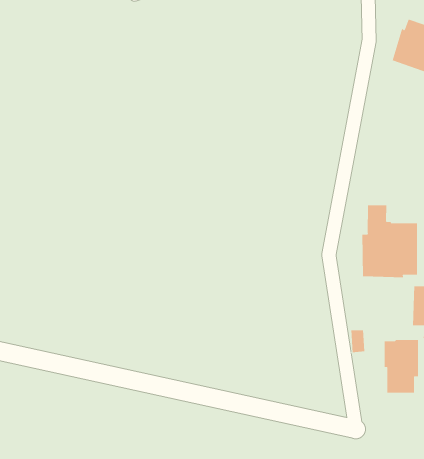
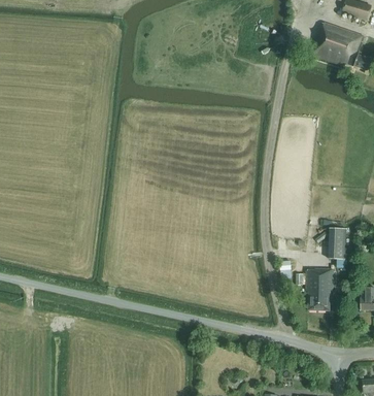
building: [362,205,417,278] -> none

